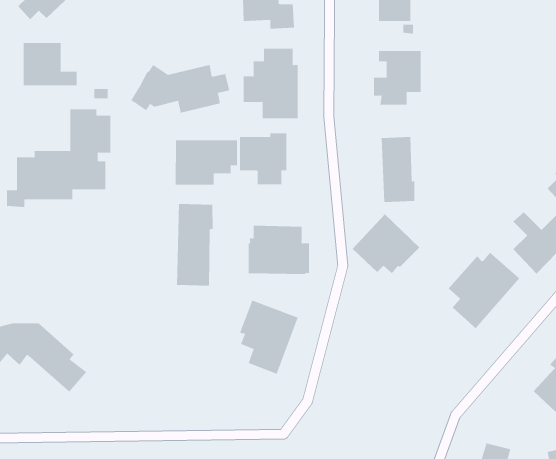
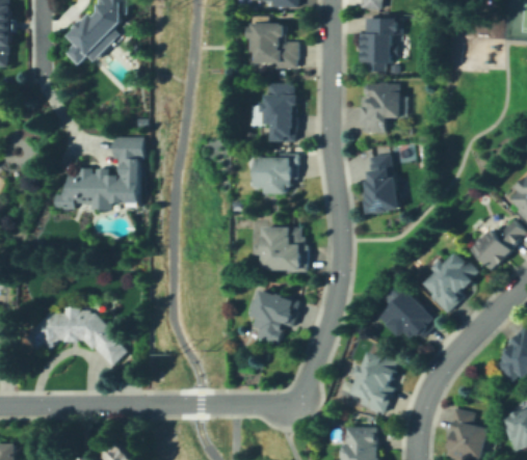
building: [23,42,77,86] -> none
building: [130,64,230,113] -> none
building: [175,140,238,185] -> none
building: [177,203,213,286] -> none
building: [352,213,420,274] -> [381,289,438,339]
building: none -> [349,350,400,412]

